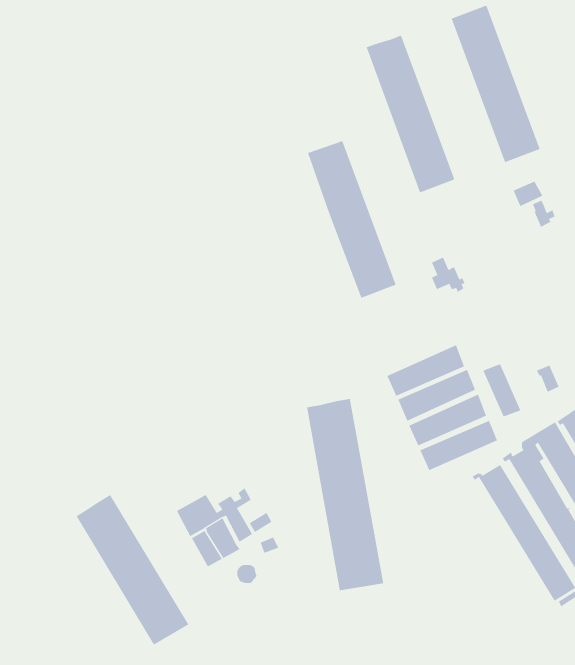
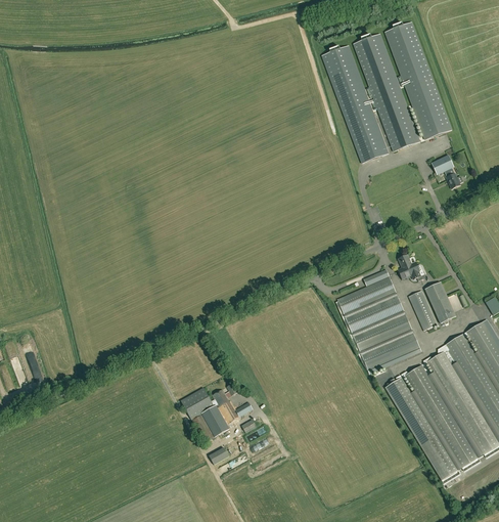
building: [307,140,396,299] -> [354,35,420,153]
building: [431,257,465,293] -> [399,254,424,280]
building: none -> [426,281,456,322]
building: [307,398,384,591] -> none
building: none -> [385,374,462,485]
building: [76,494,189,646] -> none

